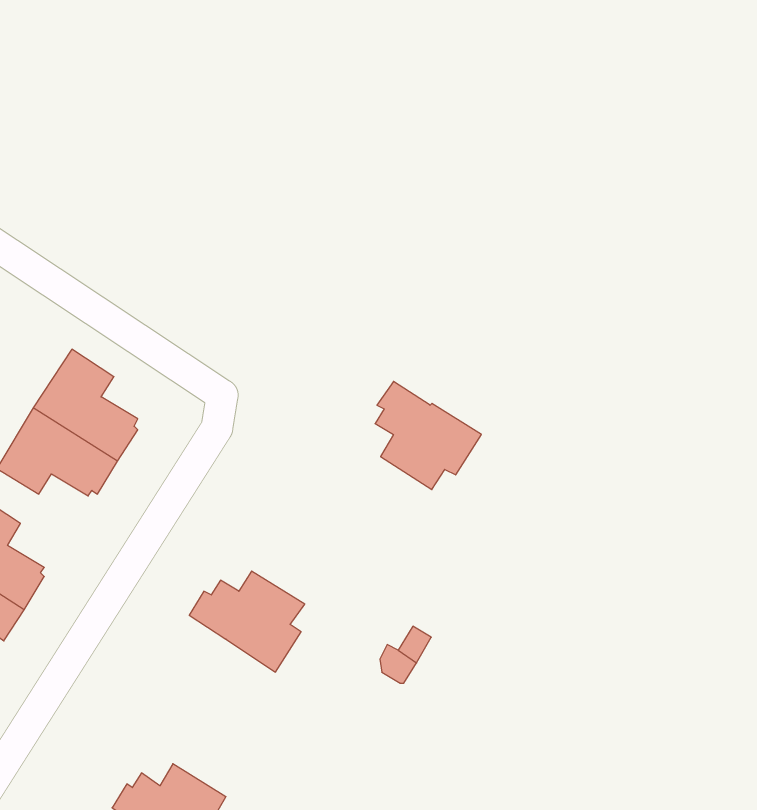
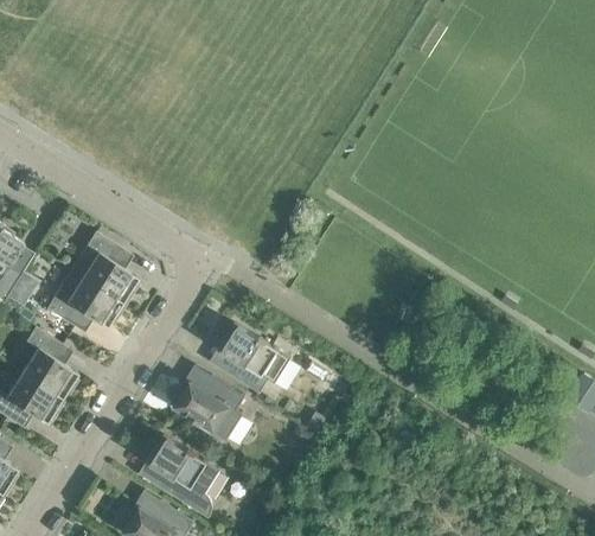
building: [375,381,481,490] -> [222,323,290,393]
building: none -> [142,435,219,517]

